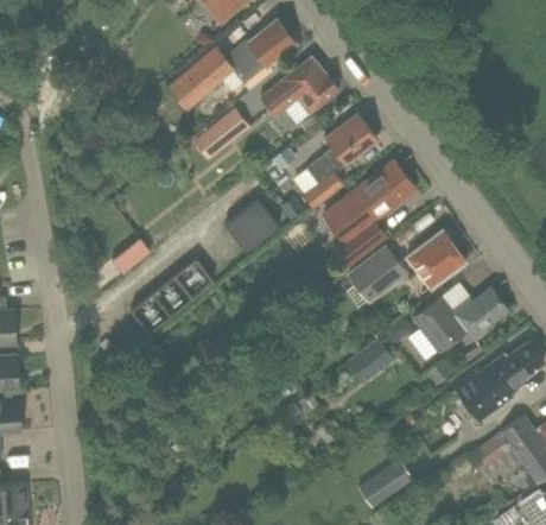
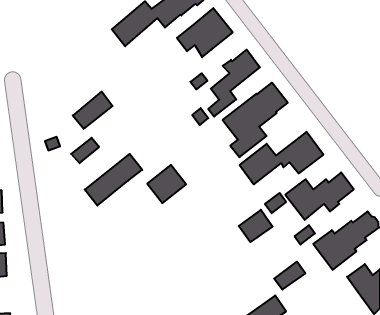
building: [193,108,249,160] -> [73,92,113,129]
building: [224,198,279,252] -> [147,165,186,203]
building: [466,432,510,472] -> [274,262,305,290]

